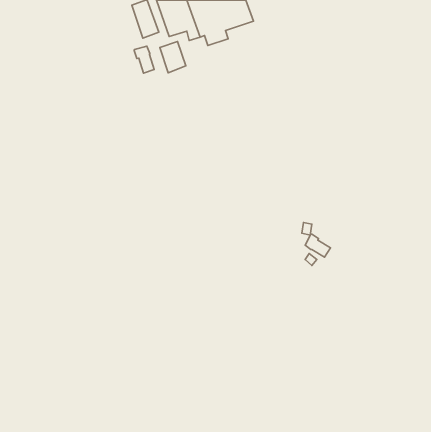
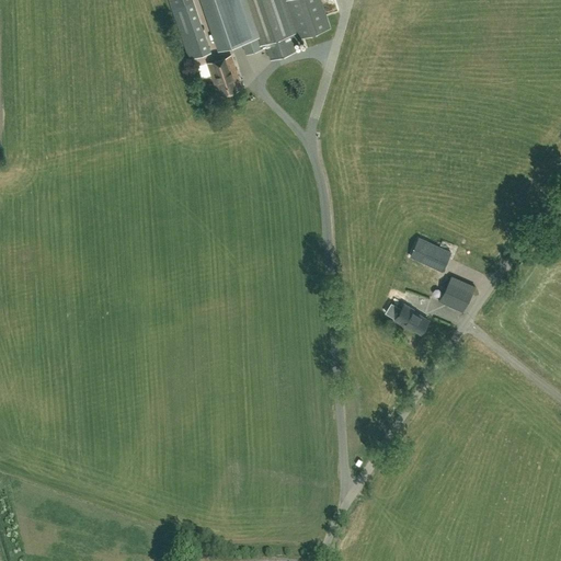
building: [134,46,154,73] -> none
building: none -> [410,238,450,271]
building: none -> [438,276,473,312]

